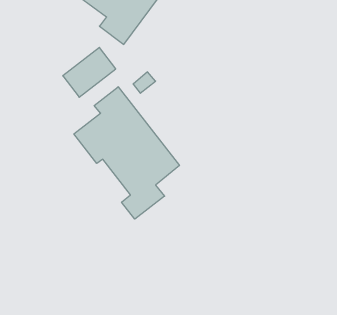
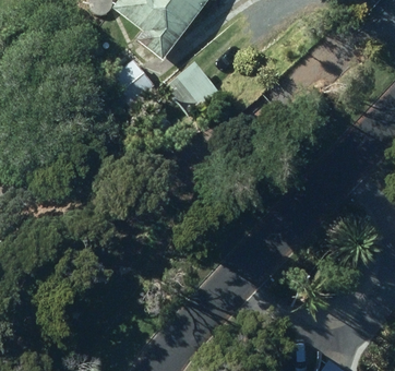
building: [74,87,179,219] -> none

